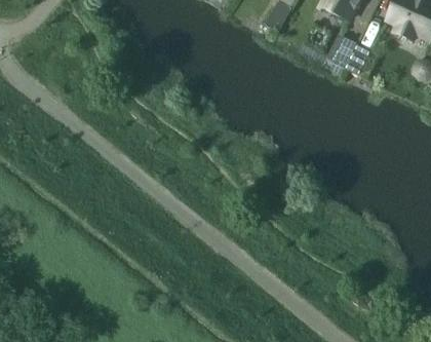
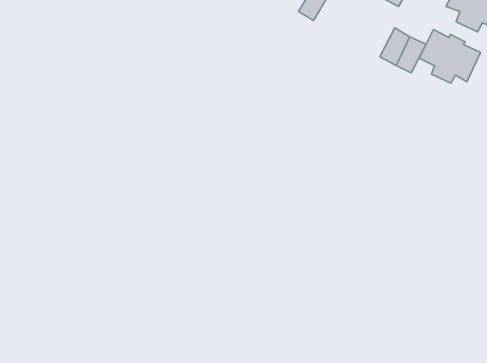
building: none -> [419,30,480,83]

